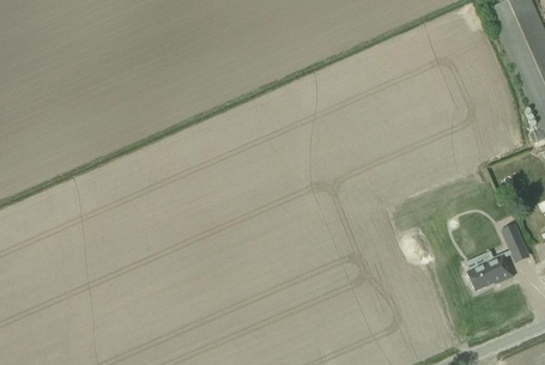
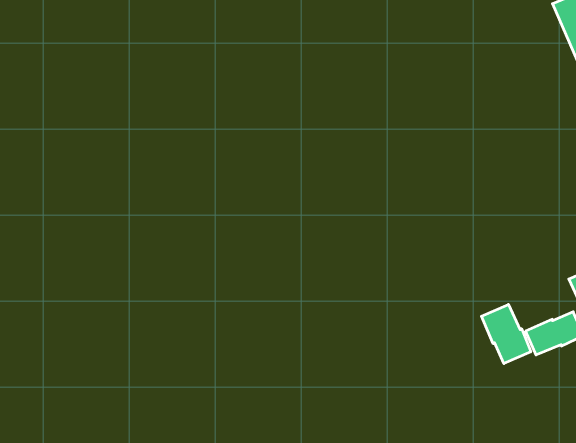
building: none -> [481,304,531,364]

